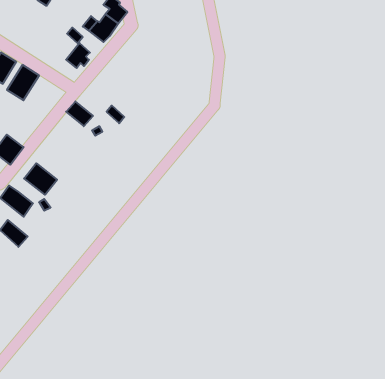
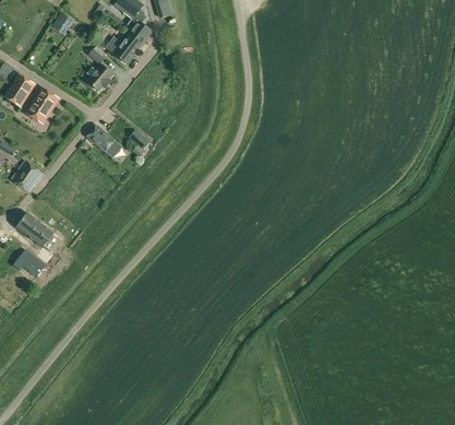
building: [24,163,57,195] -> none

